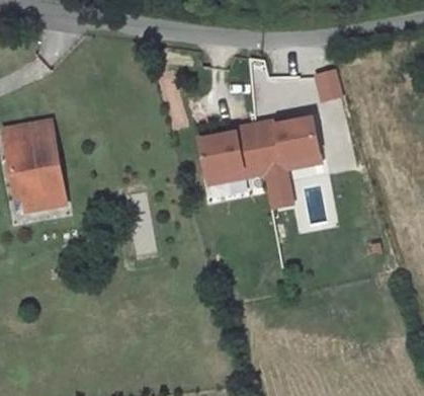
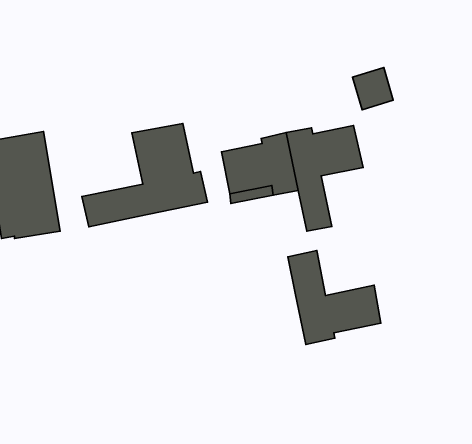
building: none -> [82,123,207,227]
building: none -> [288,250,381,345]

